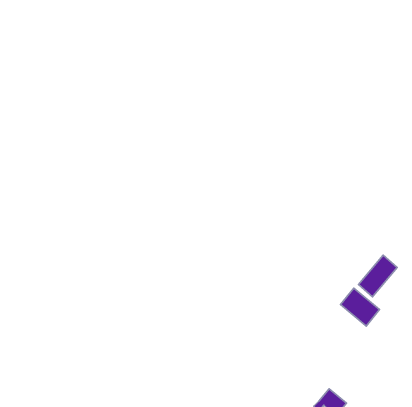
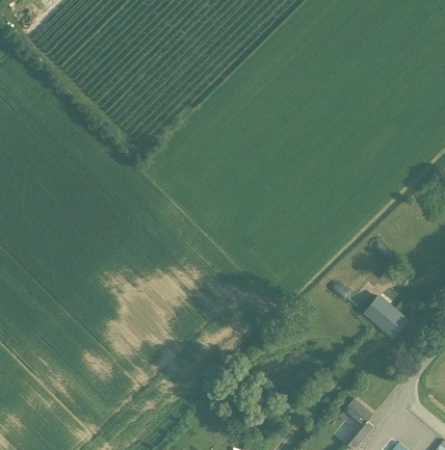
building: [358,255,397,297] -> none

